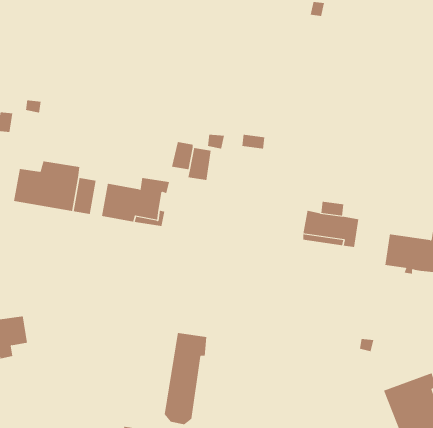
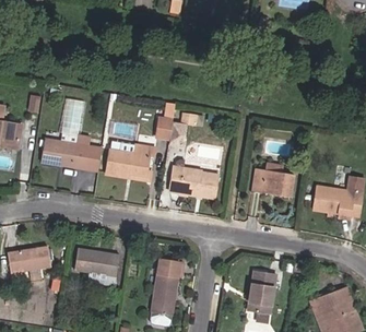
building: none -> [169,166,220,197]
building: none -> [74,248,120,285]
building: none -> [248,270,276,313]

